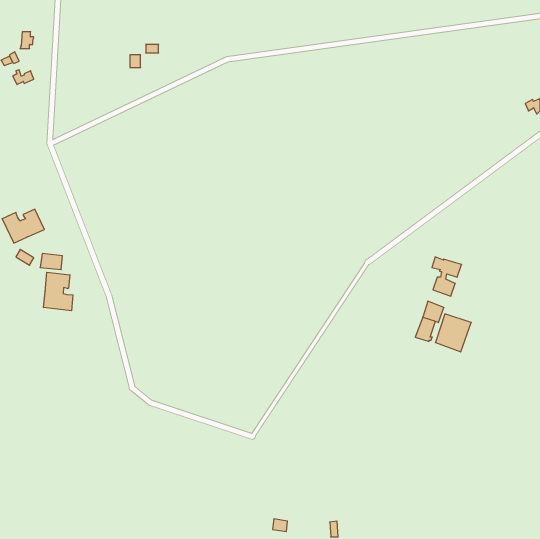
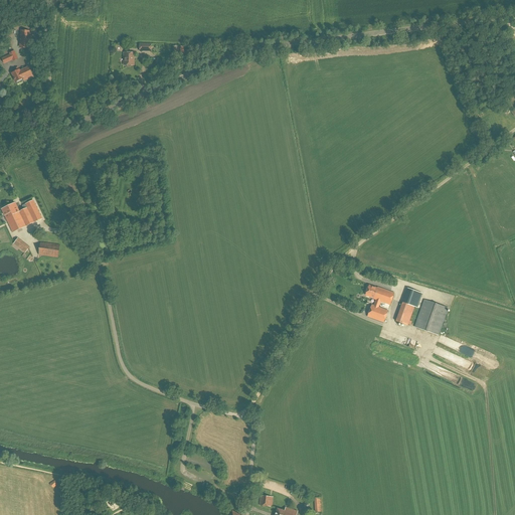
building: [432,257,462,296] -> [366,285,394,322]
building: [44,272,73,311] -> none

